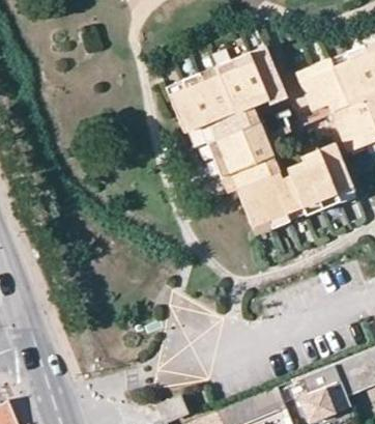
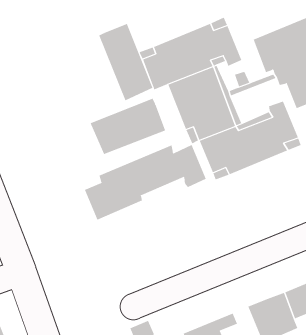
building: none -> [99,23,153,101]
building: none -> [90,98,166,155]
building: none -> [84,144,206,221]

